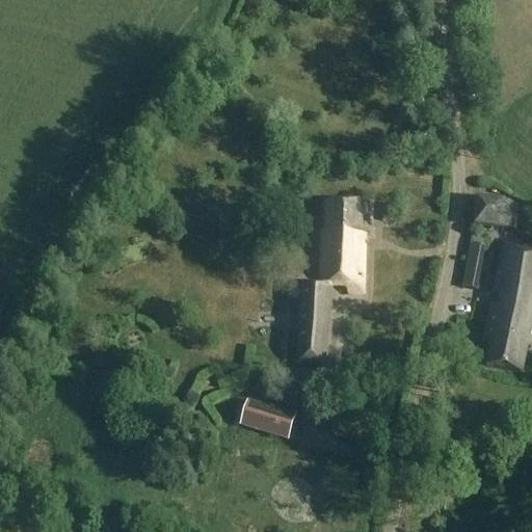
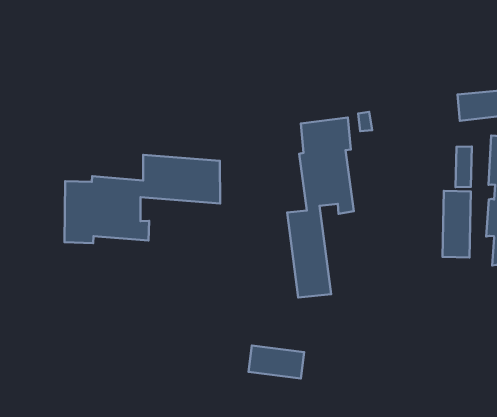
building: none -> [65,155,220,243]
building: none -> [442,191,471,258]

